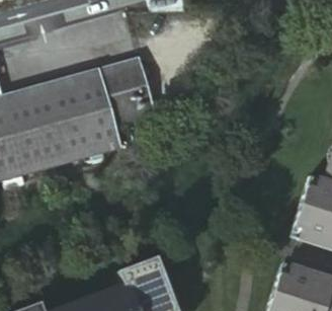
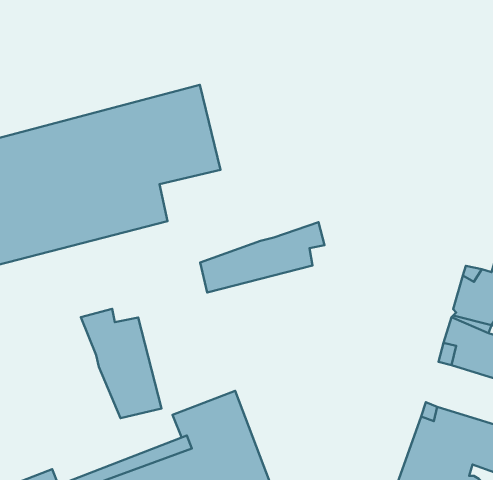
building: none -> [200,222,325,292]
building: none -> [81,309,161,418]

